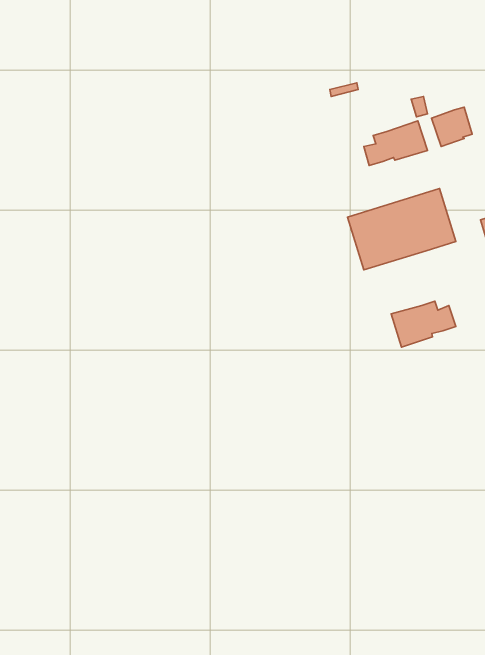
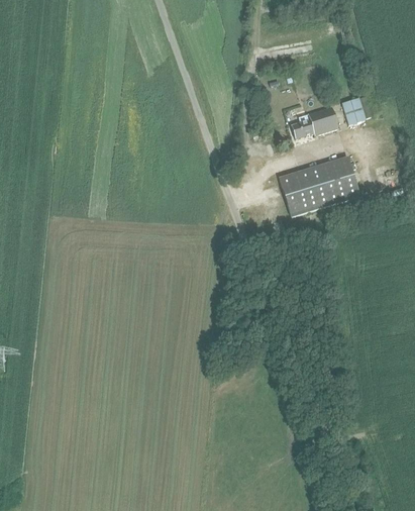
building: [391,301,456,347] -> none

